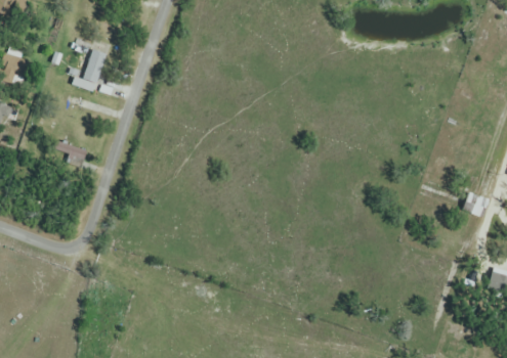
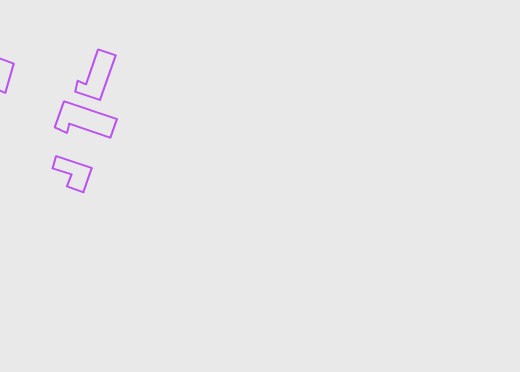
building: none -> [55,101,117,138]

